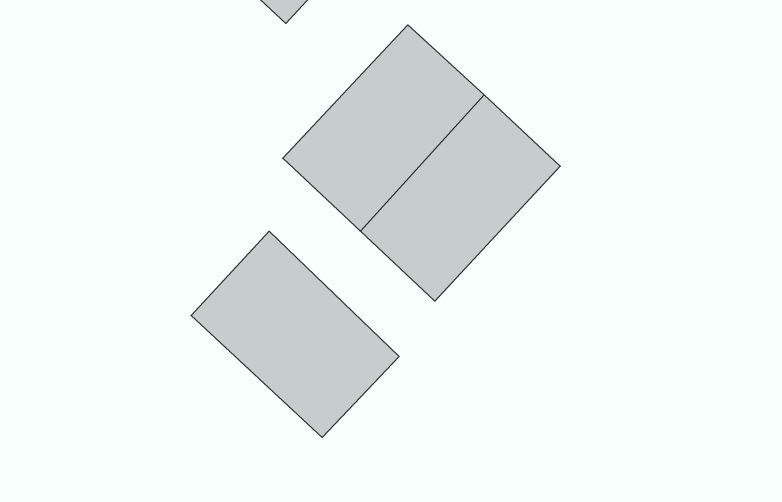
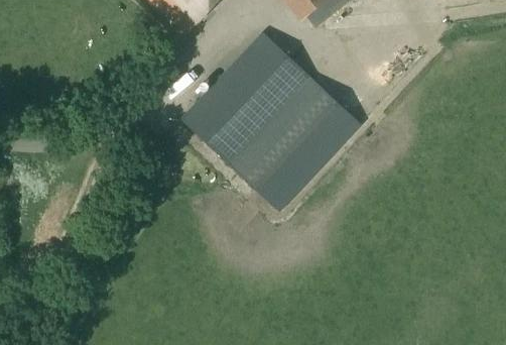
building: [191,231,399,437] -> none

